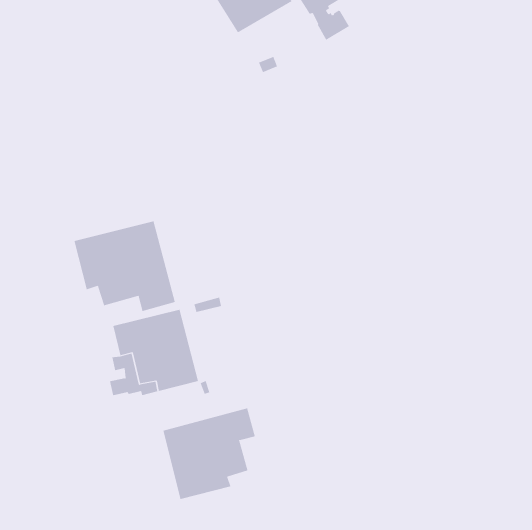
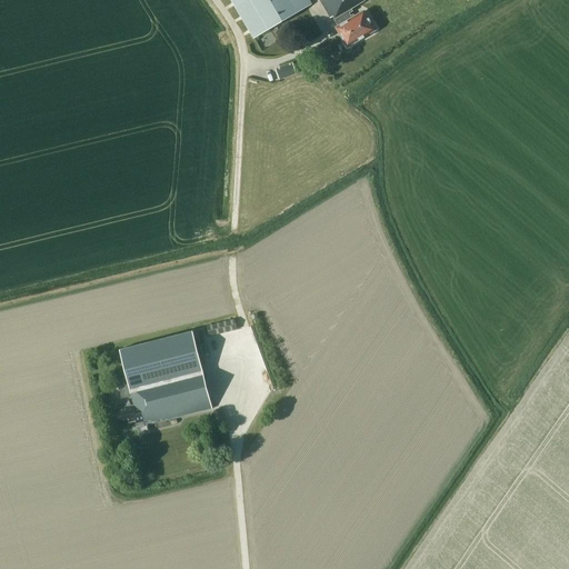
building: [74,220,176,312] -> none
building: [163,408,255,500] -> none

